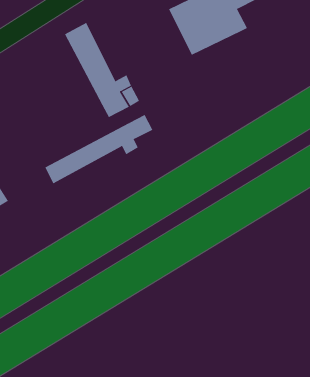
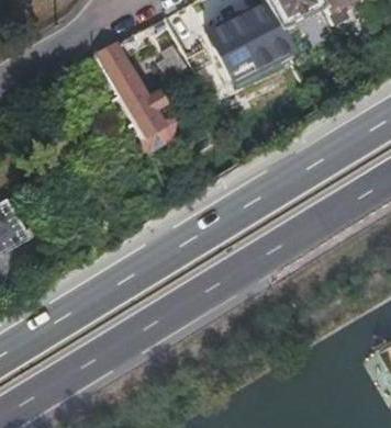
building: [45,114,153,184] -> none

